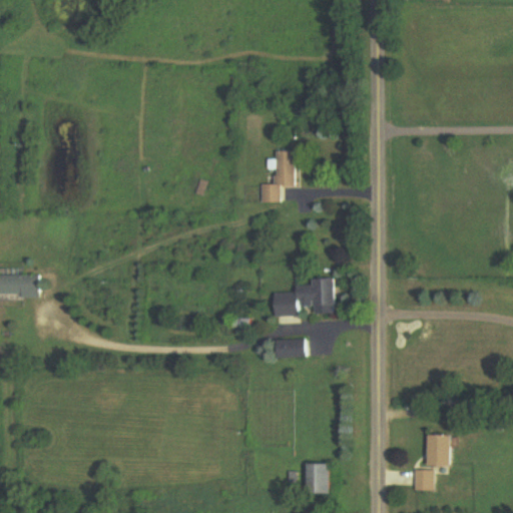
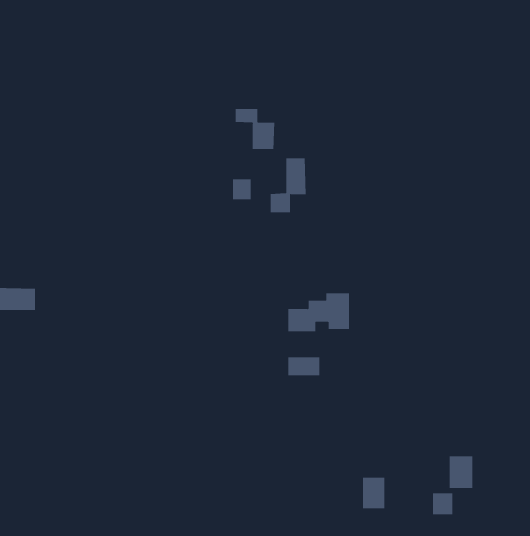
building: none -> [235,108,275,150]
building: none -> [233,179,251,200]
building: [309,462,331,492] -> [362,477,385,509]

